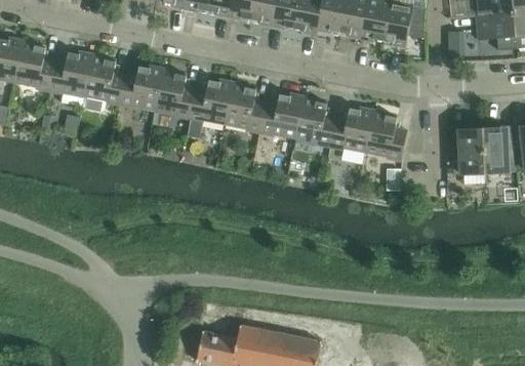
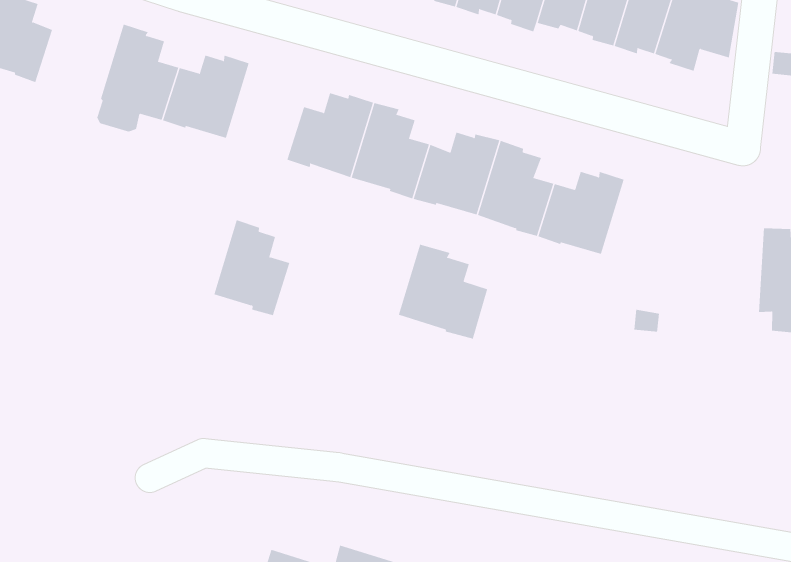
building: [48,51,92,108] -> none
building: [155,68,195,118] -> [213,219,290,316]
building: [365,110,407,160] -> none
building: none -> [398,244,488,340]

